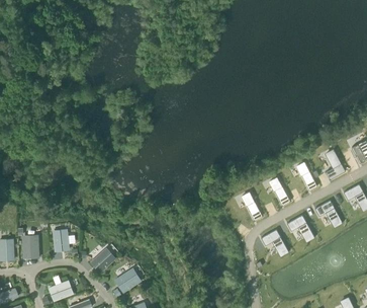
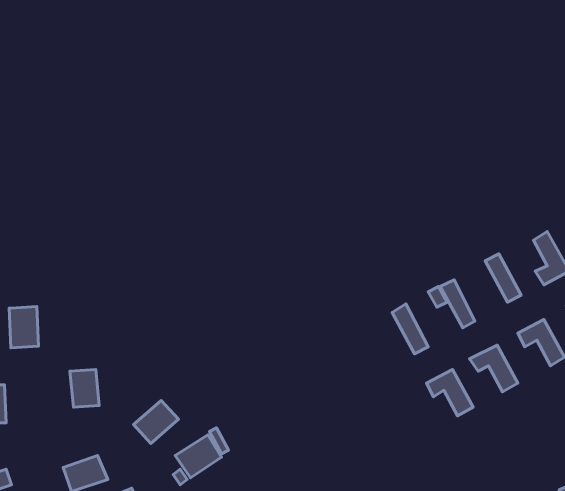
building: [21,234,38,258] -> [9,306,38,348]

